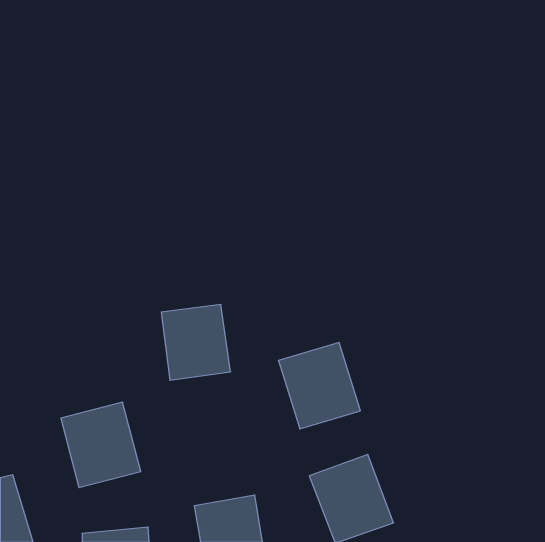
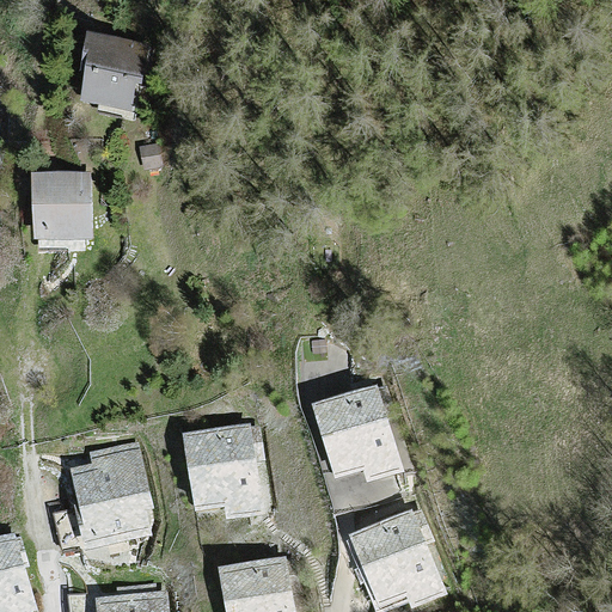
building: none -> [78,33,151,114]
building: none -> [31,172,93,243]
building: [161,305,231,380] -> [184,427,262,512]

